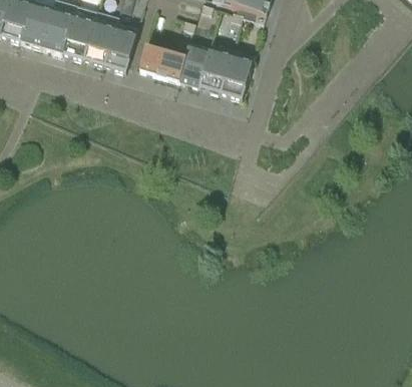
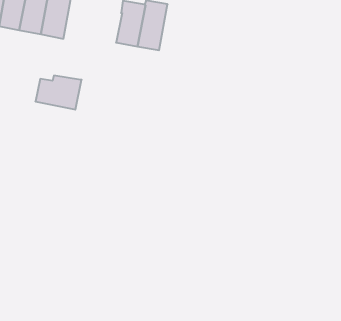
building: [137,45,185,81] -> [35,76,82,110]
building: [219,48,254,99] -> none

